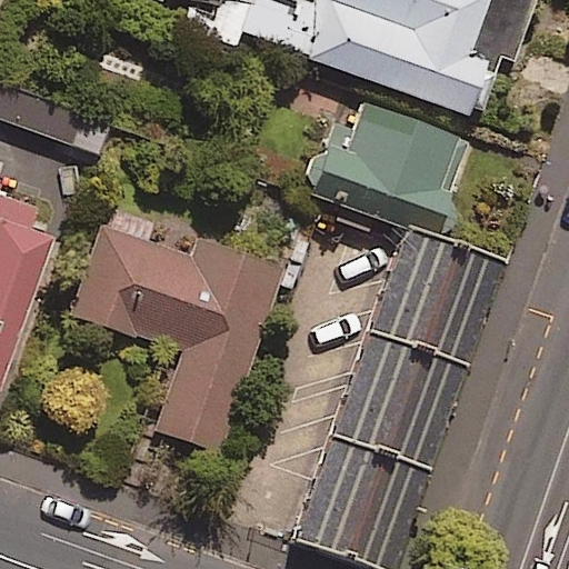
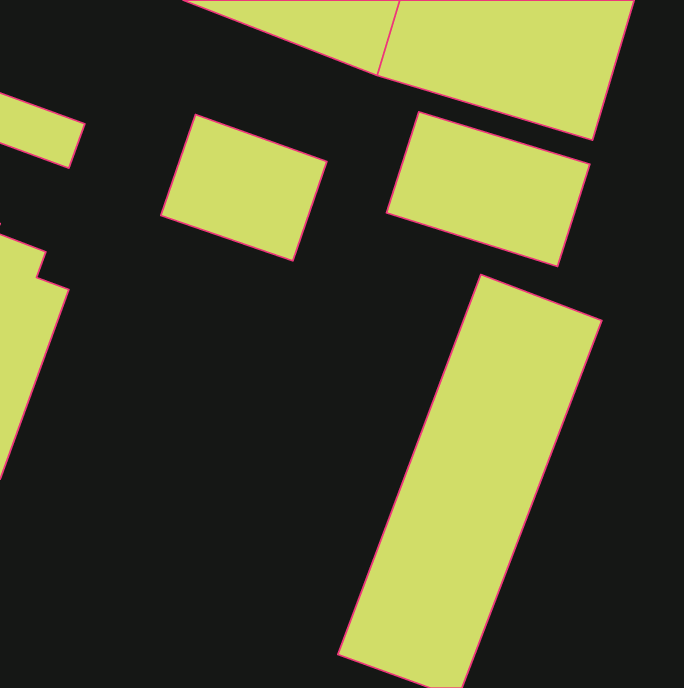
building: none -> [161,115,327,261]
building: [69,227,283,457] -> none

